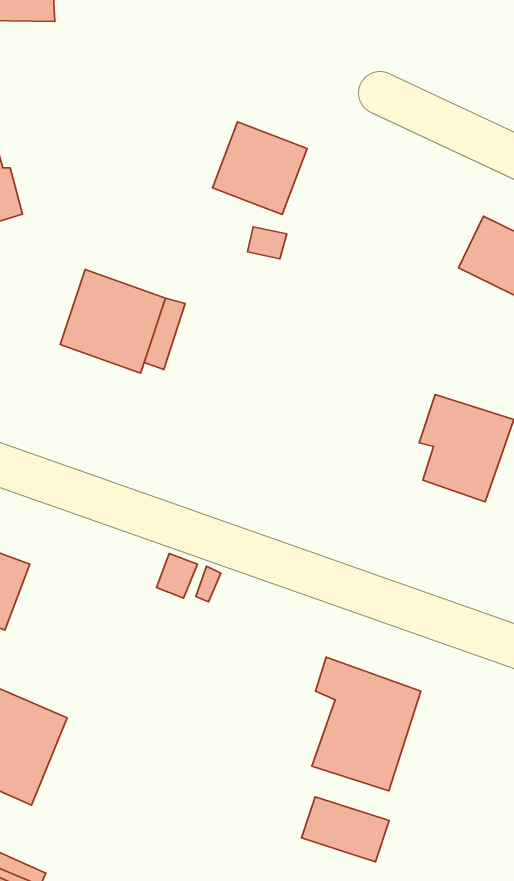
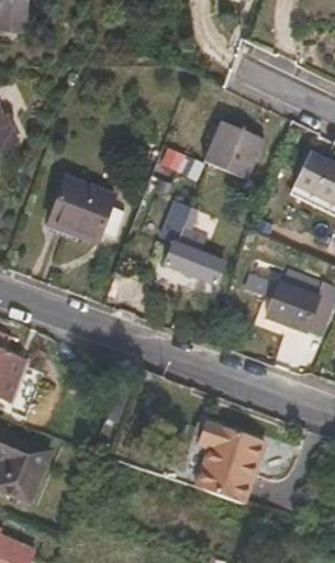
building: [212,122,307,215] -> [199,118,257,175]
building: none -> [161,206,222,283]
building: [302,797,389,862] -> none

